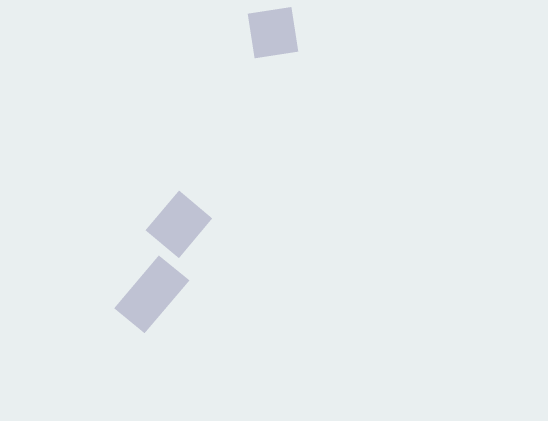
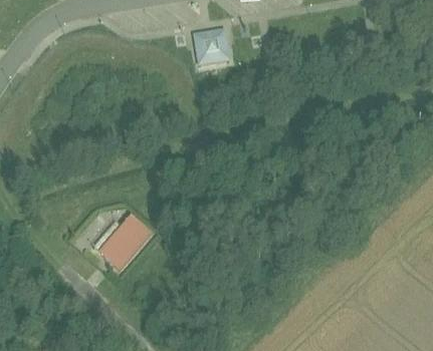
building: [145,189,213,259] -> none

